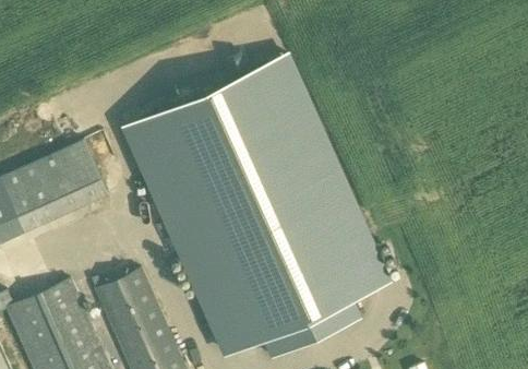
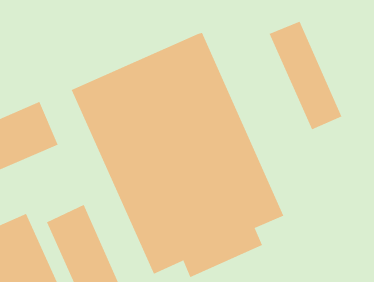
building: none -> [269,21,342,130]

